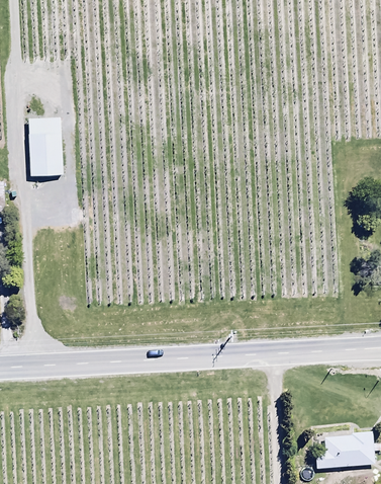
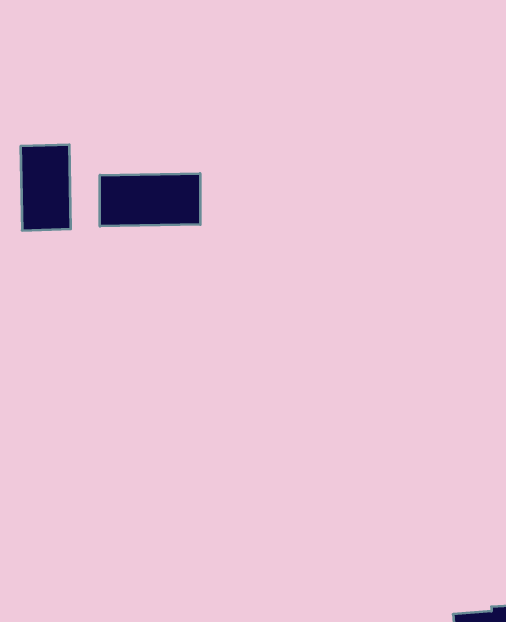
building: none -> [100,173,200,226]

